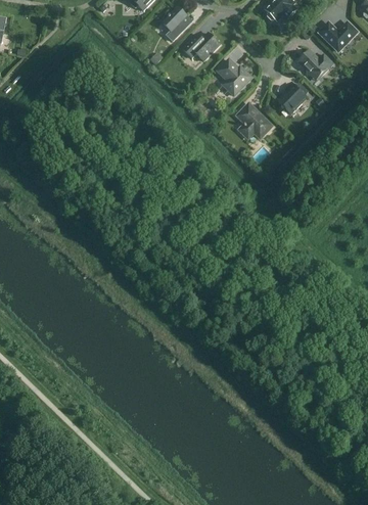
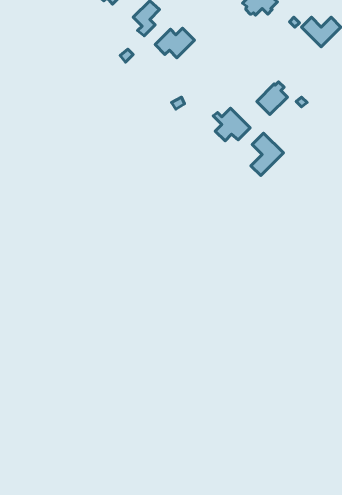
building: [297,49,332,75] -> none
building: [217,59,250,93] -> none
building: none -> [251,133,283,176]

